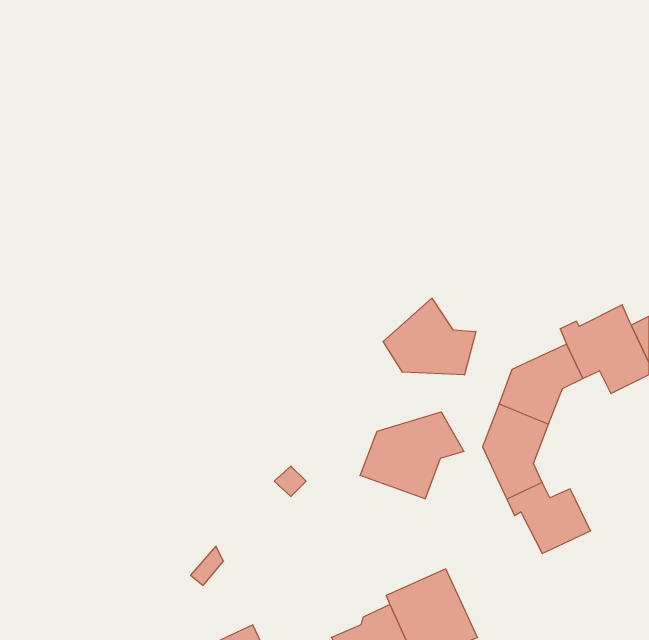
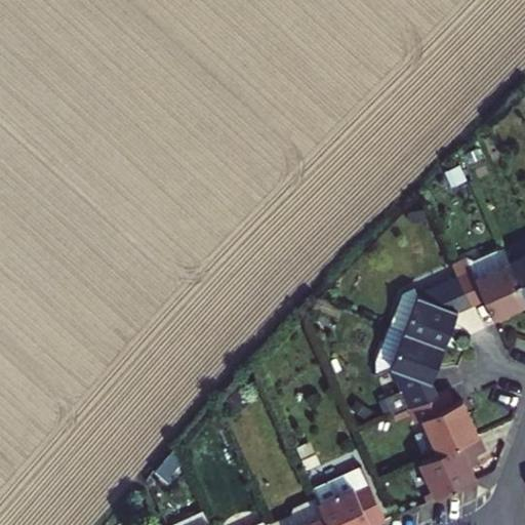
building: [383,298,476,375] -> none
building: [360,412,464,499] -> none
building: none -> [416,436,484,499]

